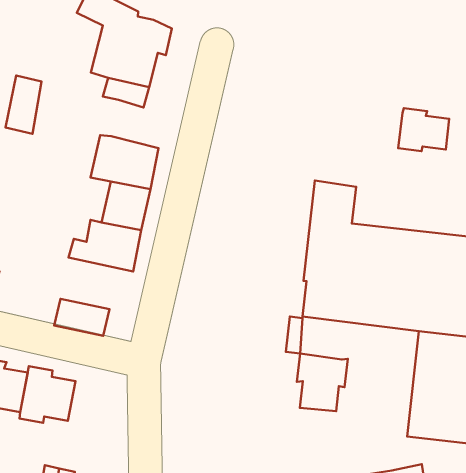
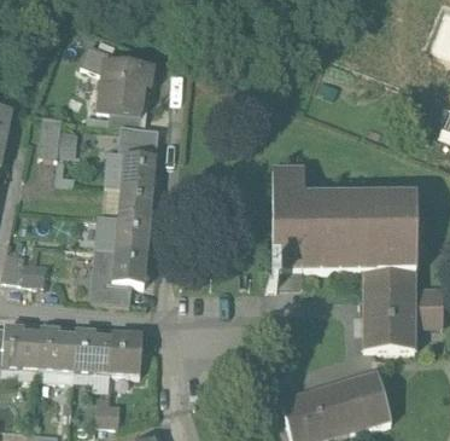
building: none -> [118,123,158,156]
building: [398,108,449,151] -> none
building: none -> [94,245,146,282]
building: [297,353,348,411] -> none
building: none -> [110,332,141,373]

